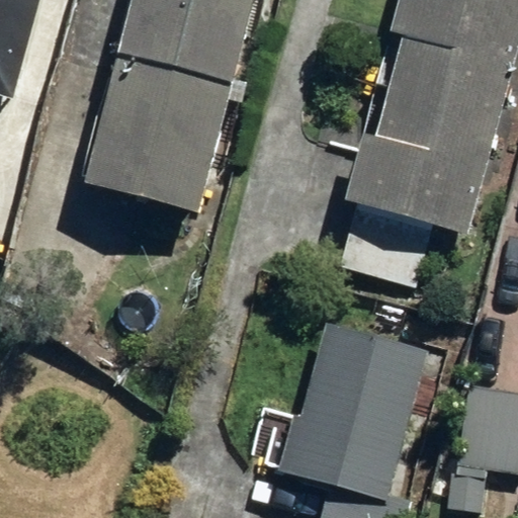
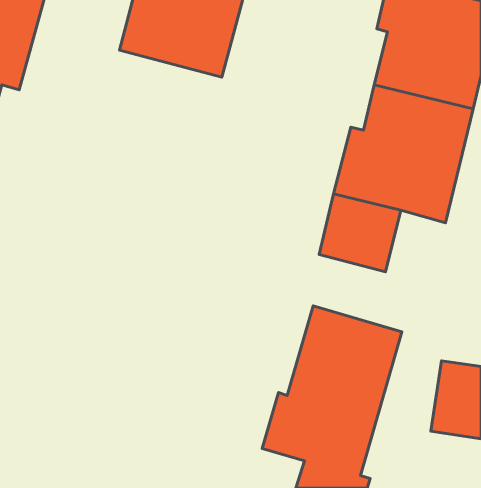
building: [92,53,233,211] -> none

